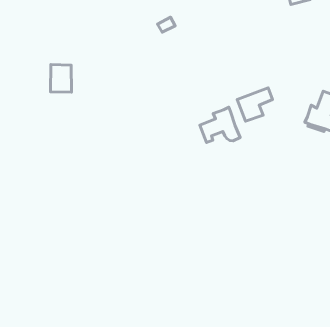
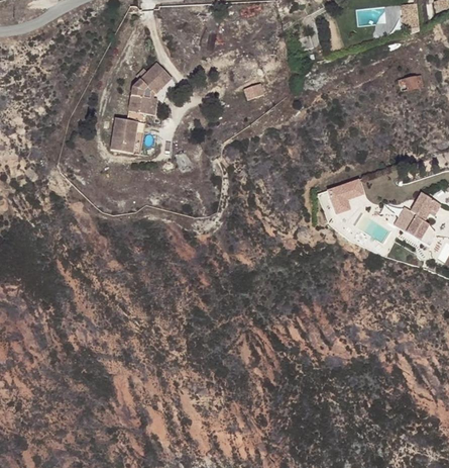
building: none -> [127,61,173,114]
building: [200,107,240,143] -> none

